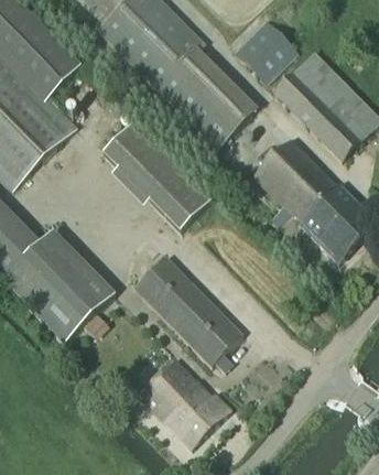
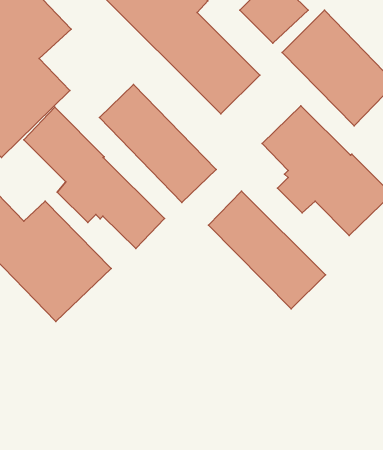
building: none -> [24,107,164,248]
building: [133,253,242,364] -> [209,191,325,309]
building: [139,357,230,446] -> none

